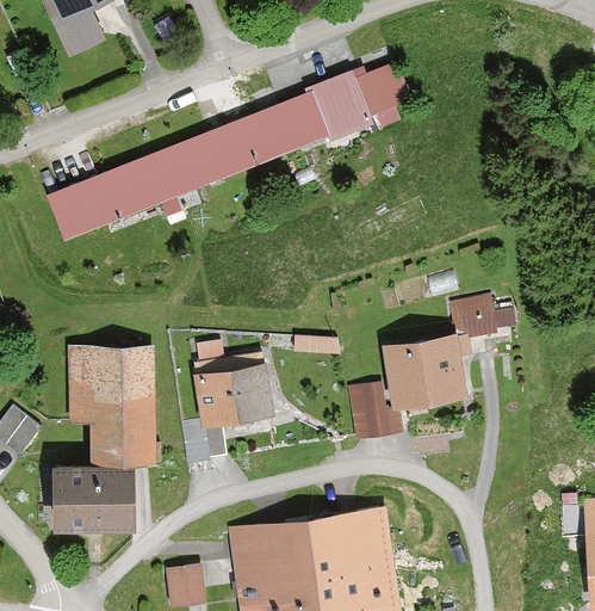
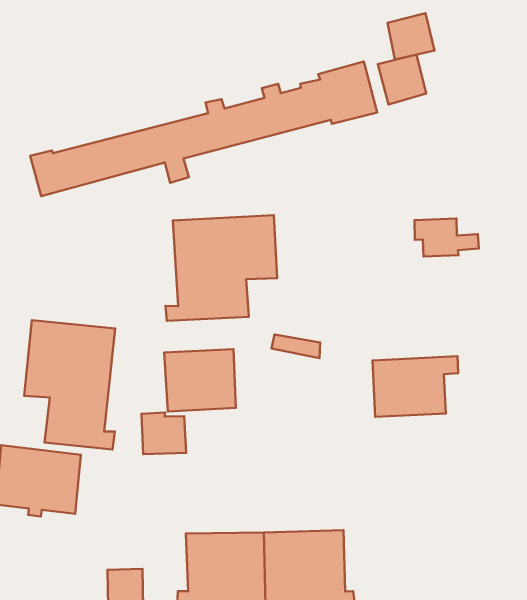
building: none -> [387,13,435,60]
building: none -> [166,215,277,321]
building: [452,298,514,337] -> [415,219,479,256]
building: [349,384,401,434] -> none

